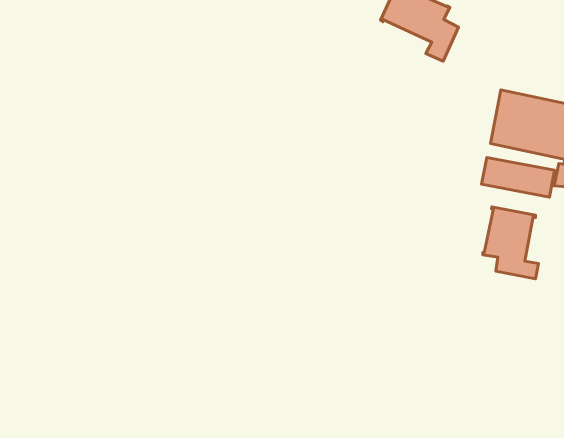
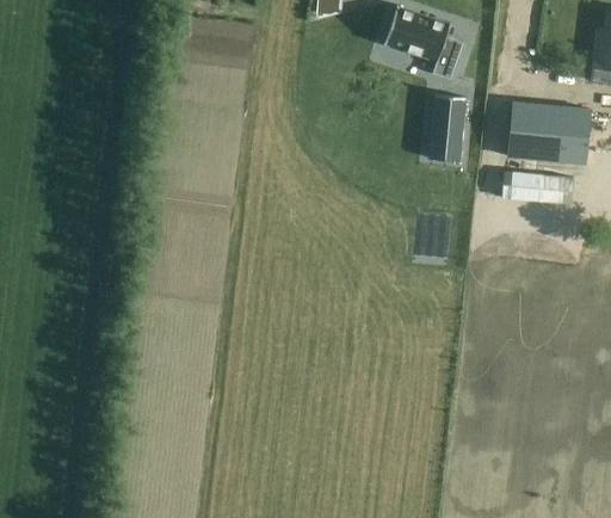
building: none -> [430,95,465,162]
building: [483,207,539,279] -> none

